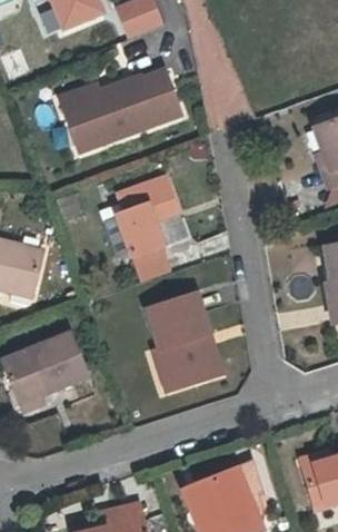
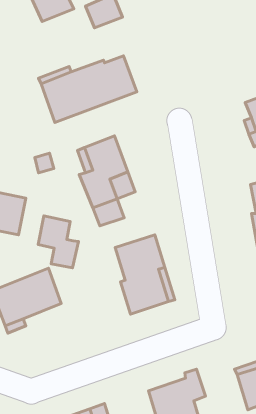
building: none -> [38,216,79,268]

